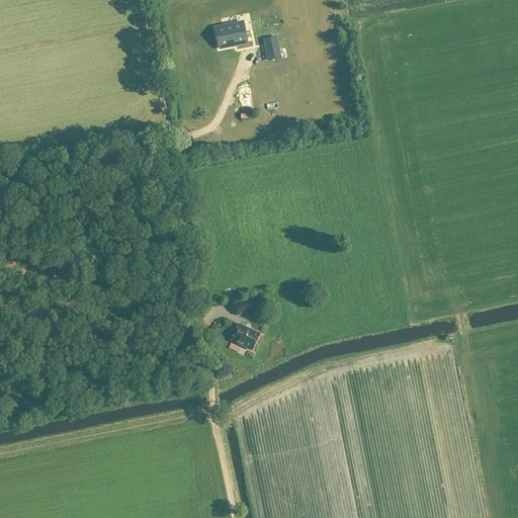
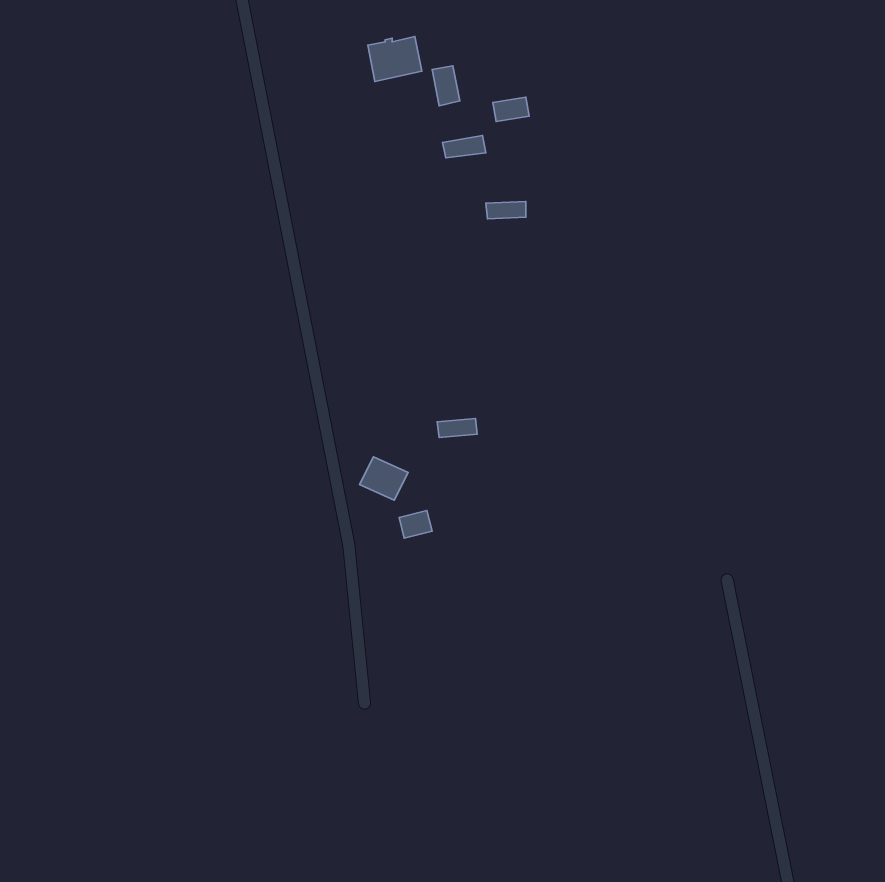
building: [230,323,258,348] -> [360,457,408,500]

